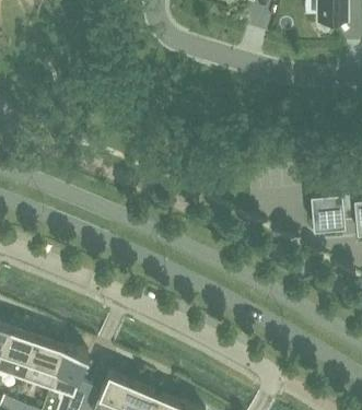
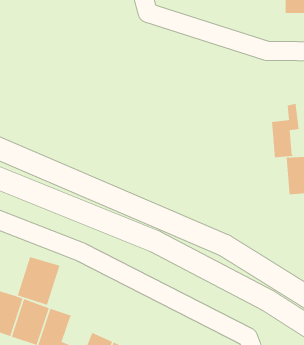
building: none -> [271,103,299,158]
building: none -> [17,256,61,306]

